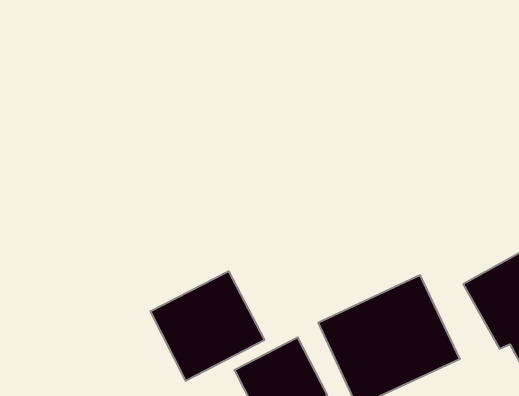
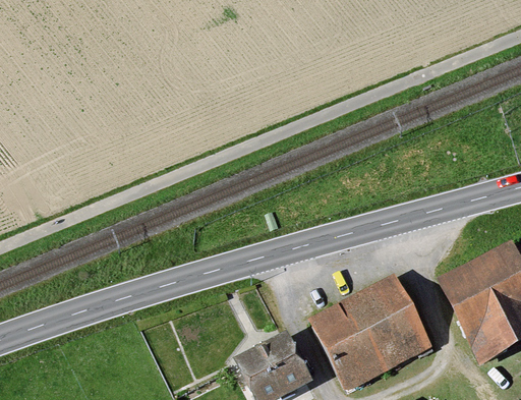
building: [151,271,264,381] -> none

